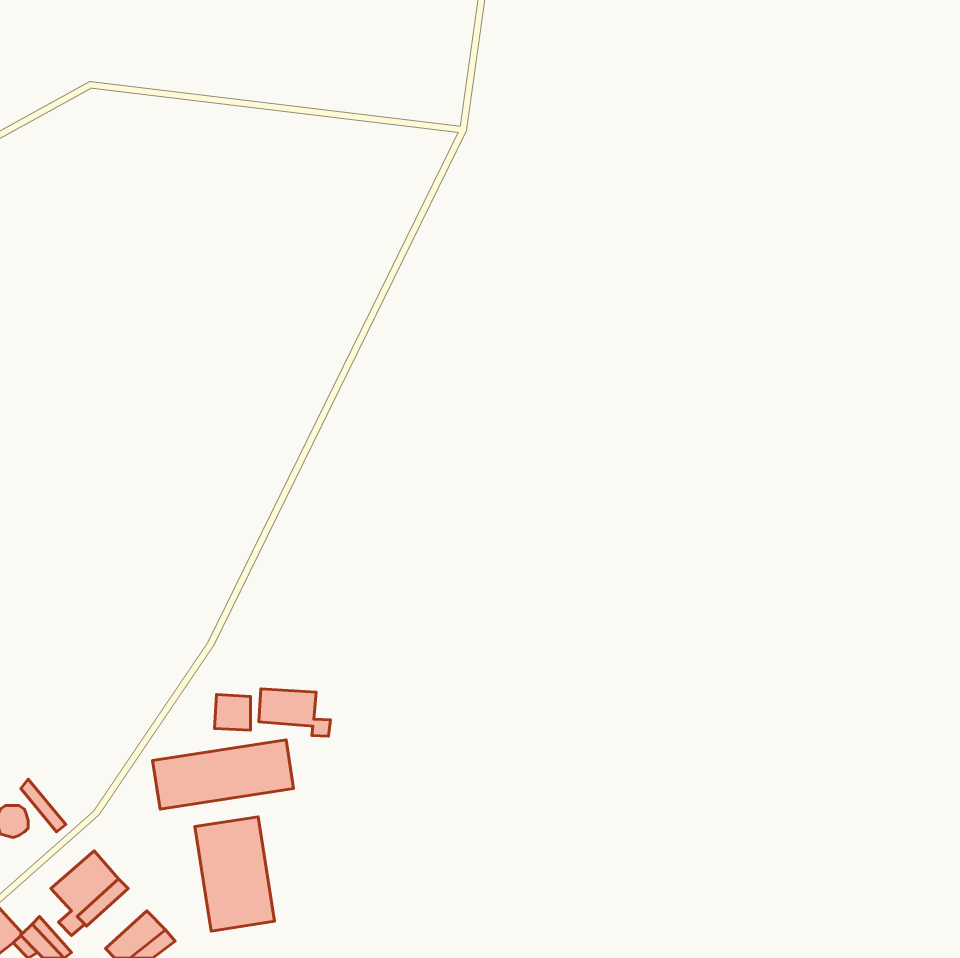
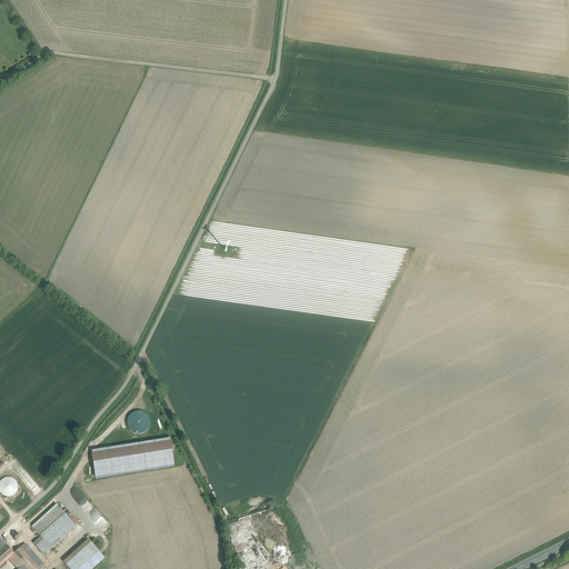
building: [259,689,331,736] -> none
building: [195,817,274,931] -> none

